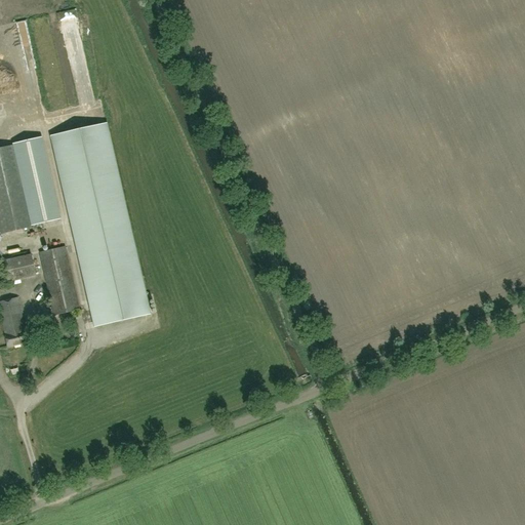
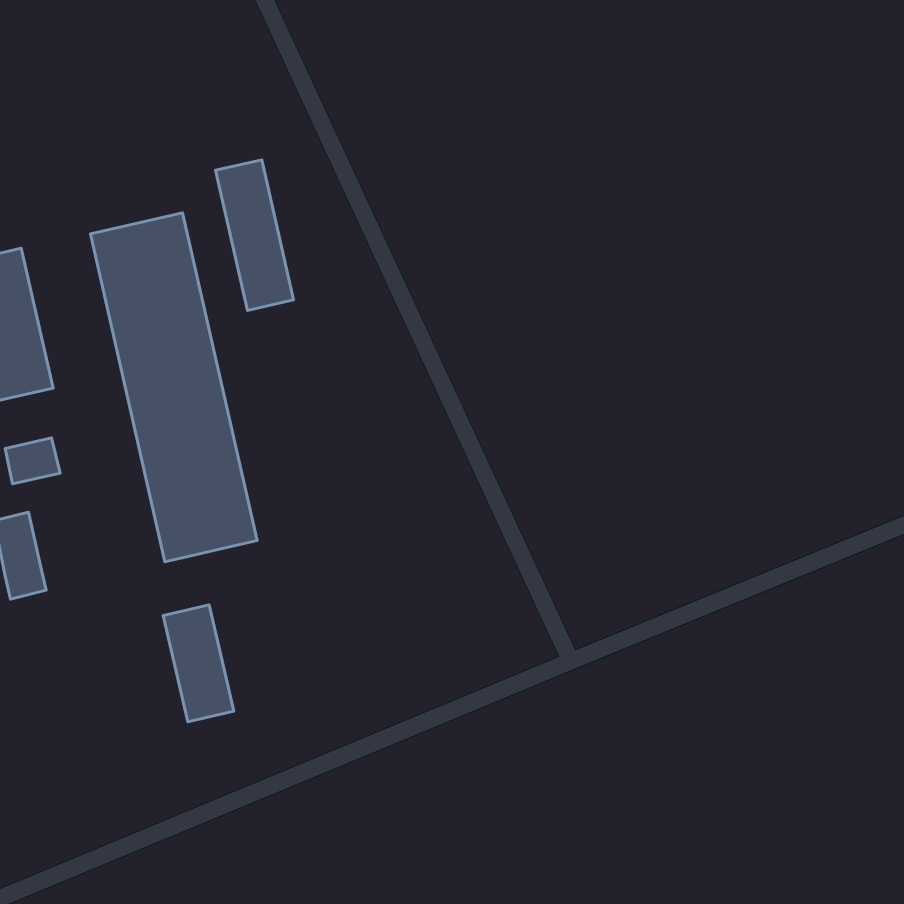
building: [13,136,58,224] -> [216,160,294,310]
building: [38,246,79,314] -> [163,605,234,722]

